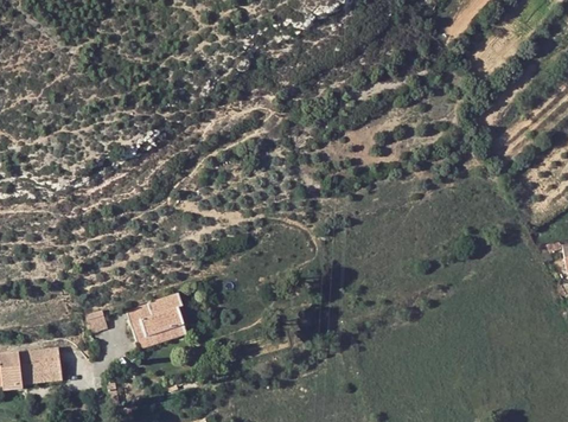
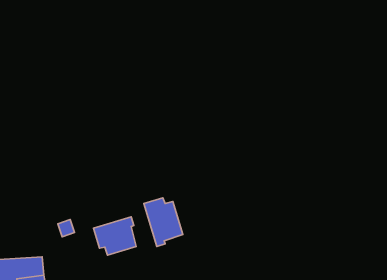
building: none -> [144,198,183,246]

